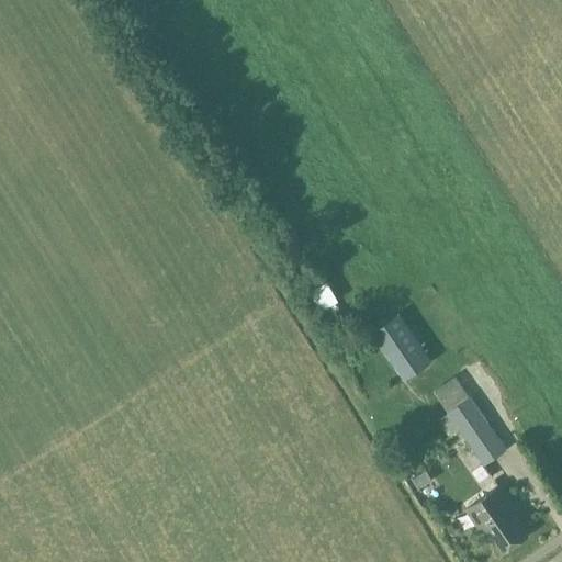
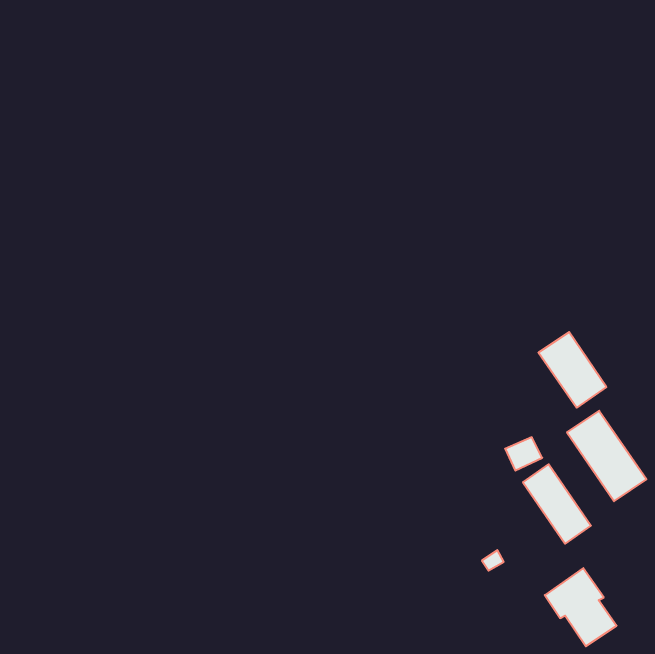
building: [372,316,430,381] -> [538,332,606,408]
building: none -> [567,411,646,501]

